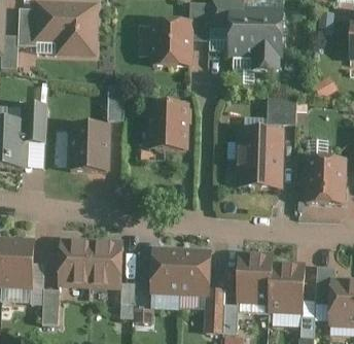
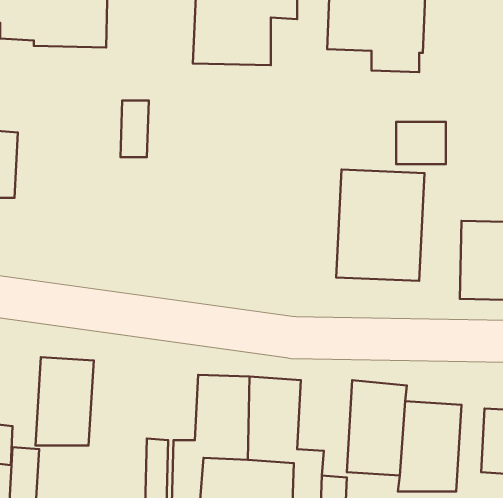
building: [143,102,189,150] -> none
building: [65,123,109,171] -> none
building: [86,238,121,288] -> none

